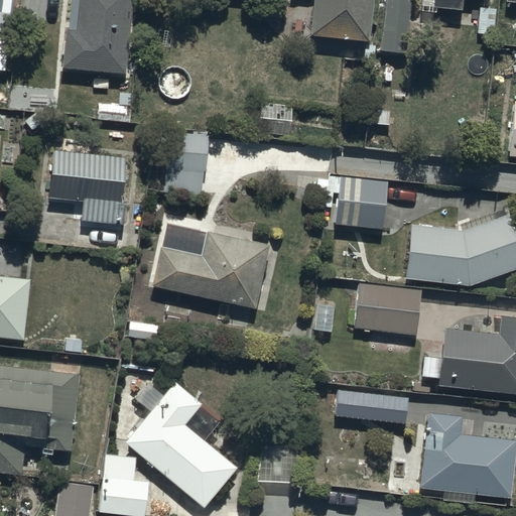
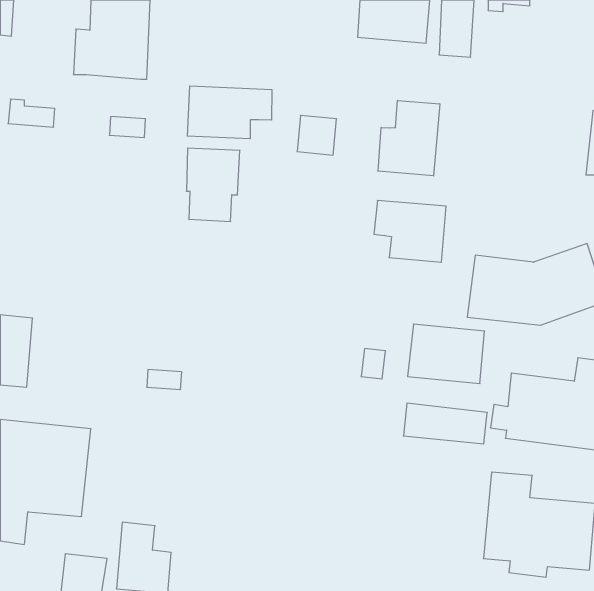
building: none -> [187,86,272,139]
building: none -> [378,100,440,176]
building: [51,152,127,224] -> none
building: [151,223,272,308] -> none
building: [126,382,238,508] -> none
building: [337,389,409,424] -> [403,403,487,444]

